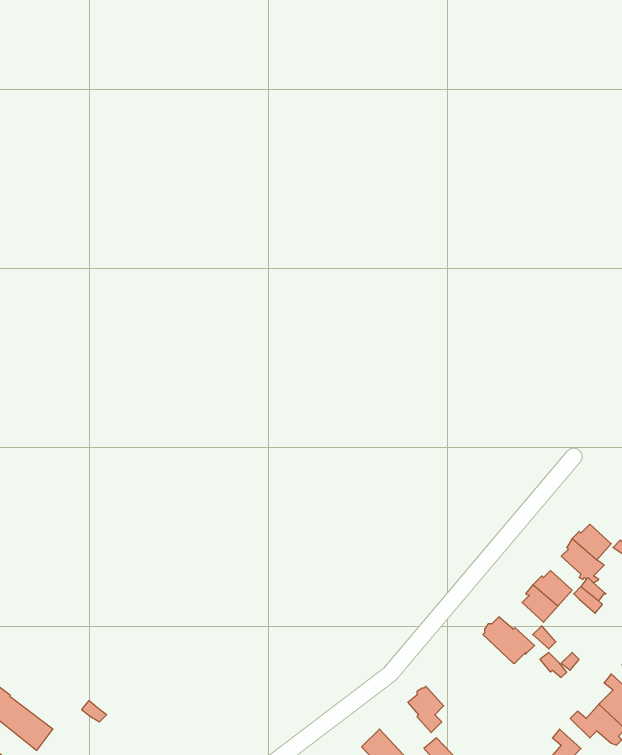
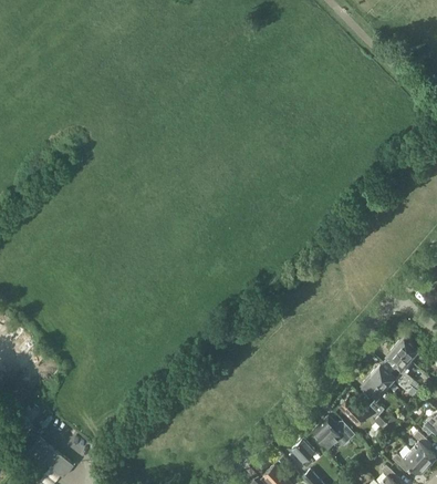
building: none -> [312,418,351,449]

